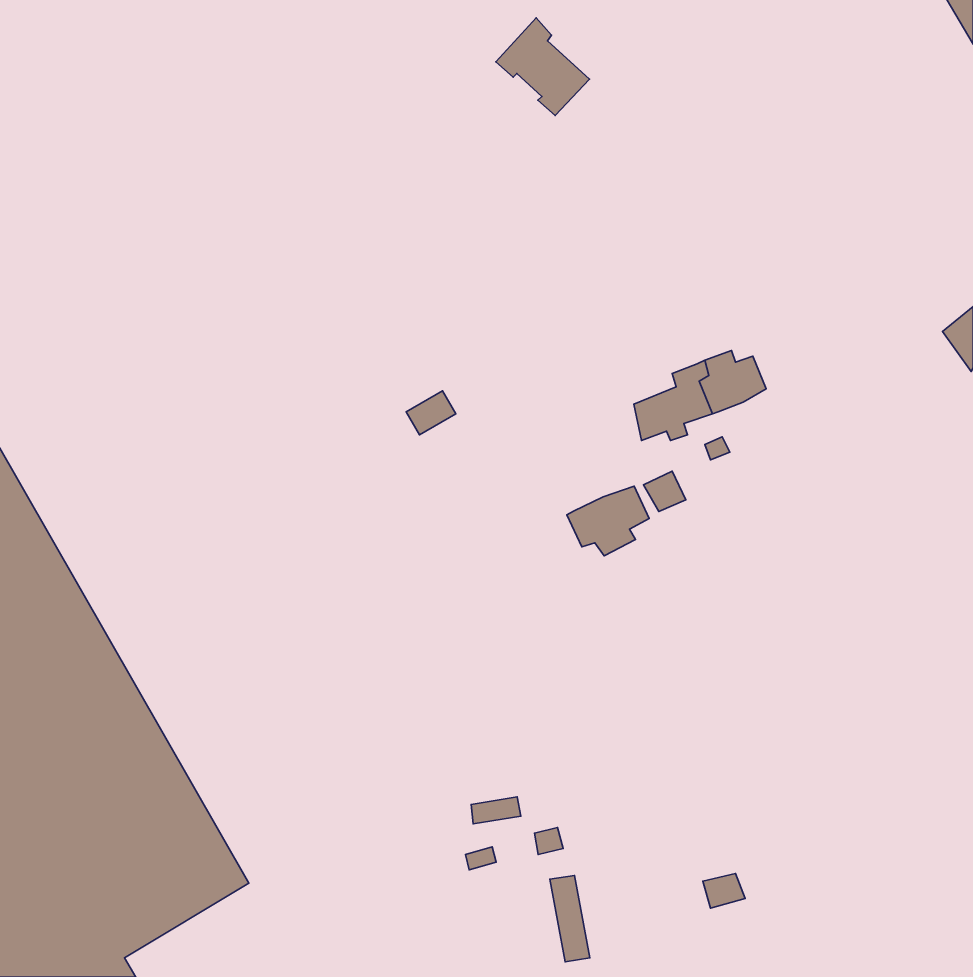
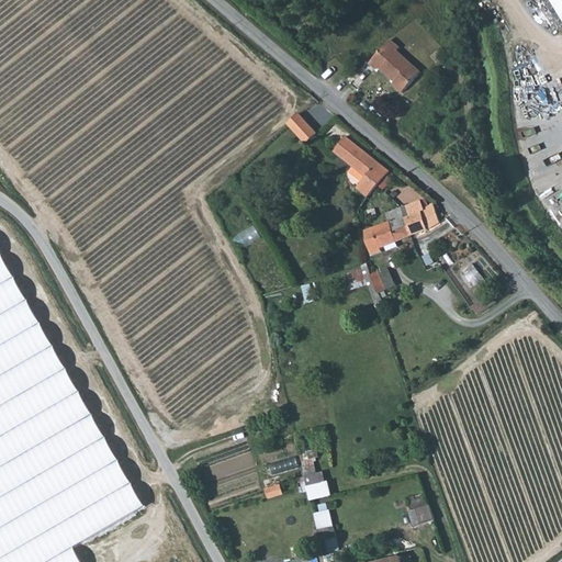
building: [496,18,590,116] -> [366,35,419,91]
building: none -> [284,111,314,143]
building: none -> [331,137,387,199]
building: [567,486,649,556] -> none

